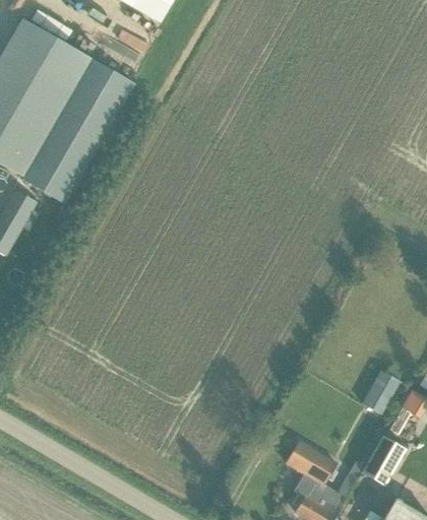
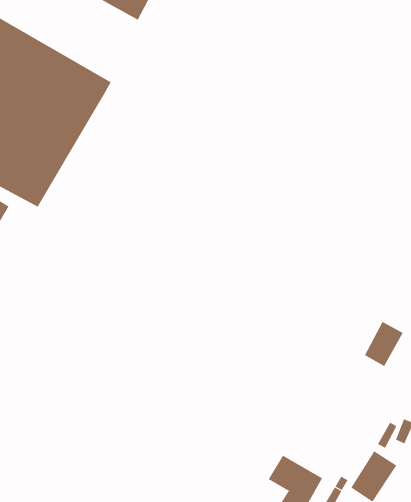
building: [362,371,400,414] -> [364,321,403,367]

